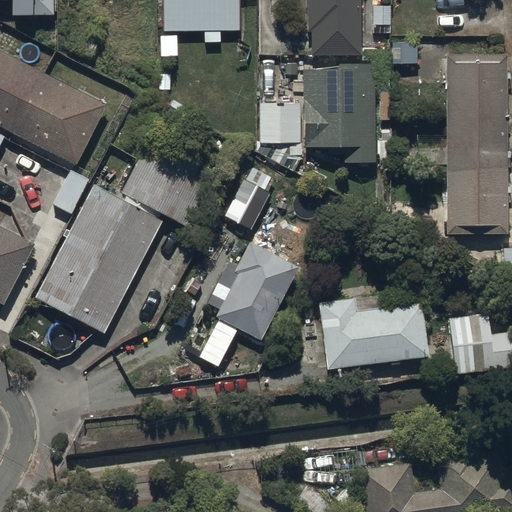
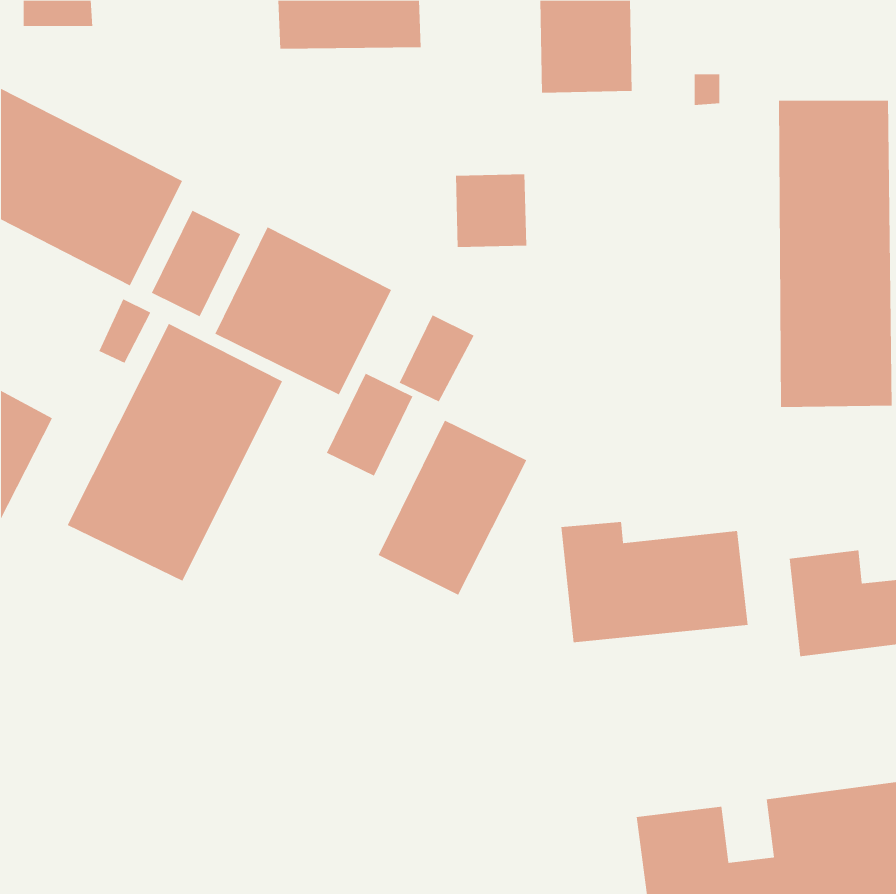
building: [304,61,376,159] -> none
building: none -> [151,210,241,317]
building: none -> [326,373,413,477]

